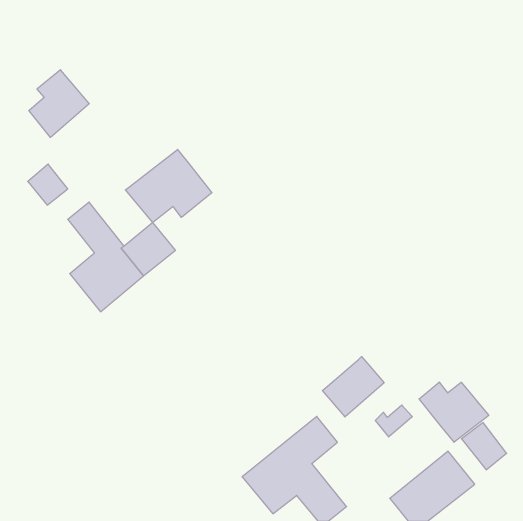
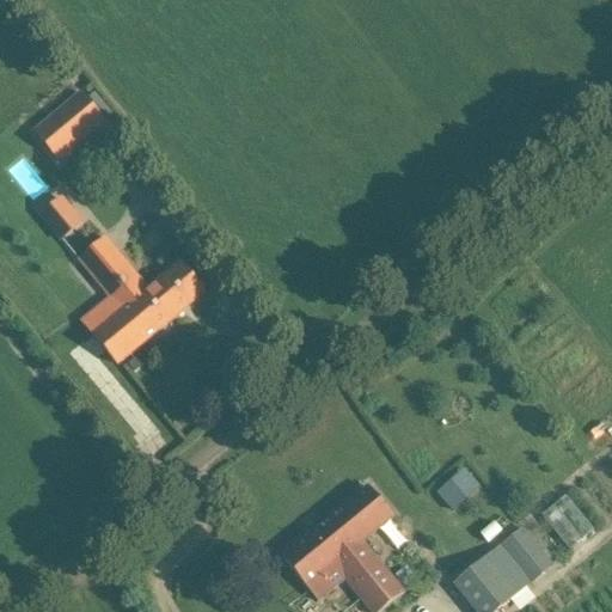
building: [125,149,212,223] -> none
building: [322,357,384,417] -> none
building: [419,382,489,442] -> none

